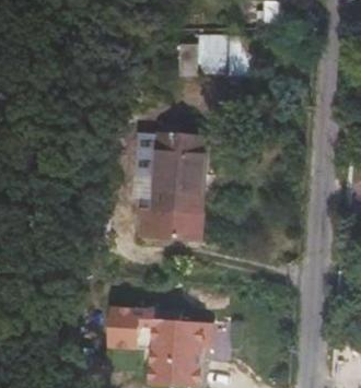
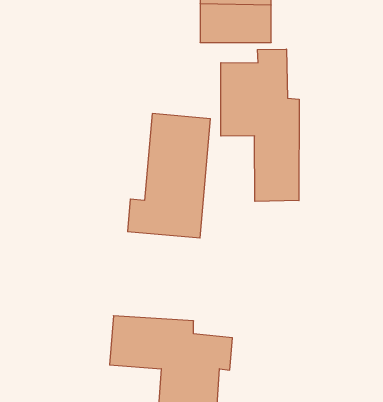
building: none -> [221,49,299,201]

